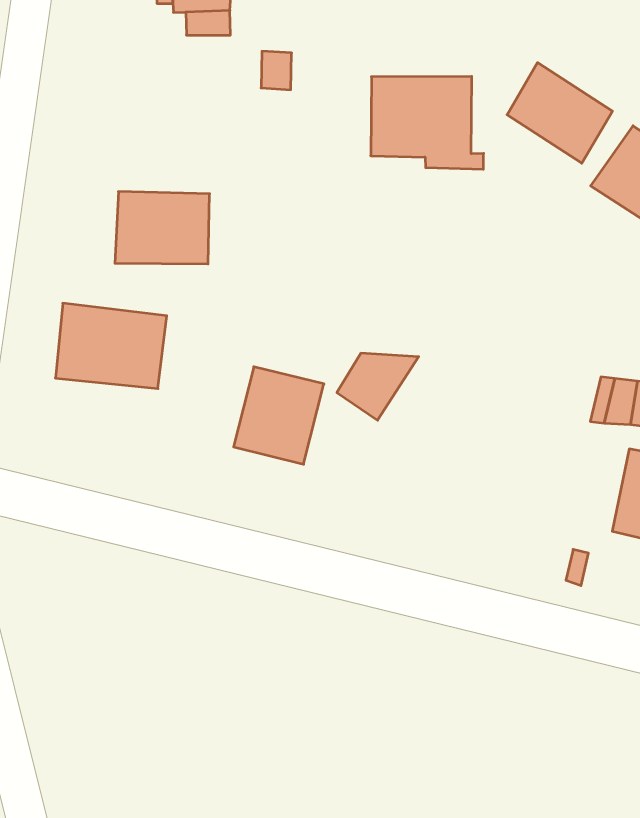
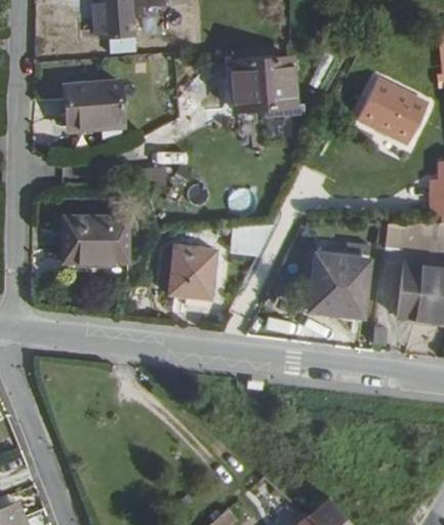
building: [507,63,612,163] -> none
building: [115,192,210,264] -> [58,85,116,132]
building: none -> [310,244,373,315]

